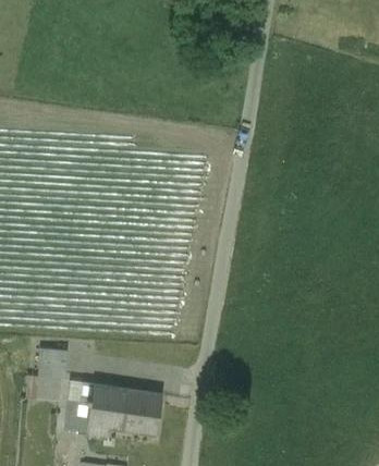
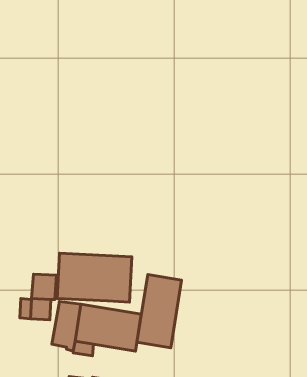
building: none -> [57,253,132,302]
building: none -> [137,275,182,348]

